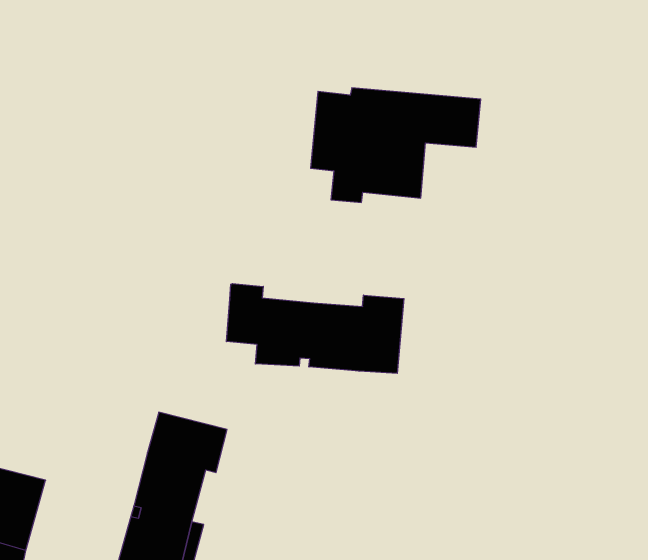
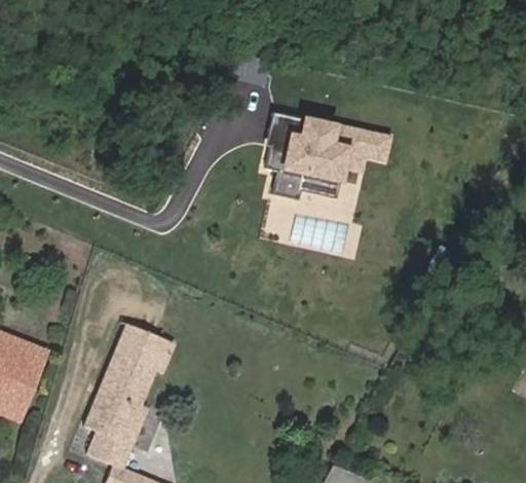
building: [226,284,404,373] -> none

